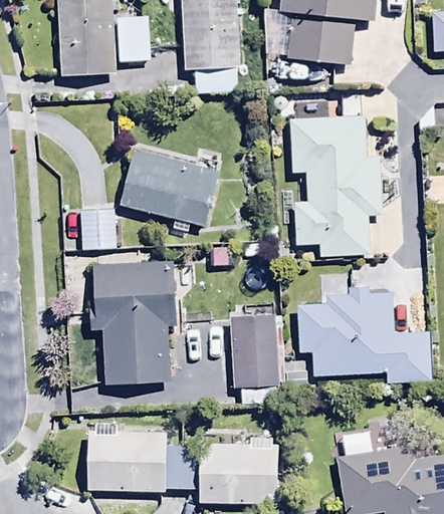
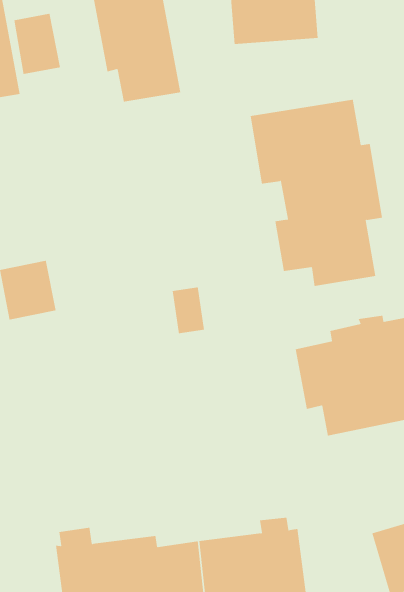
building: [122,148,217,236] -> none
building: [91,261,177,386] -> none
building: [229,316,279,404] -> none

